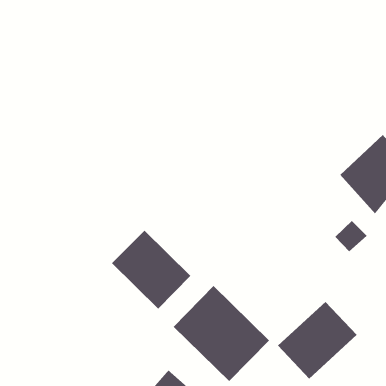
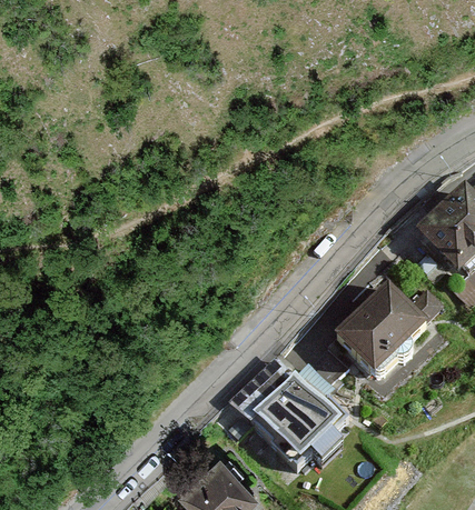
building: [111,230,191,309] -> none
building: [277,301,357,379] -> [337,284,429,374]

